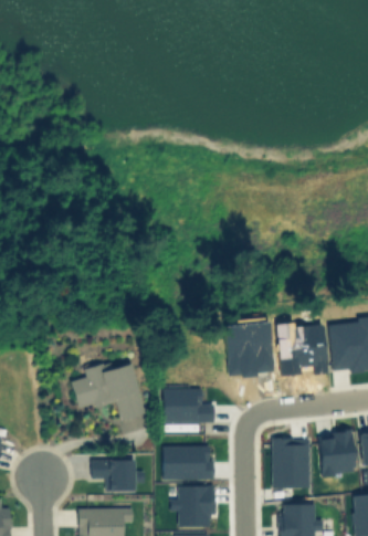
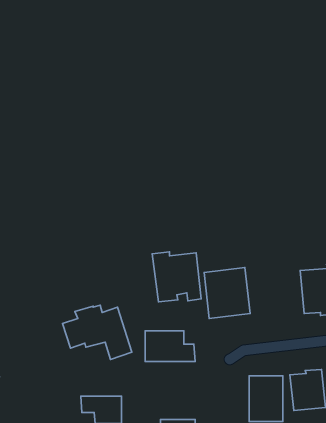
building: [274,323,327,377] -> [152,252,201,302]
building: [162,446,213,481] -> none

